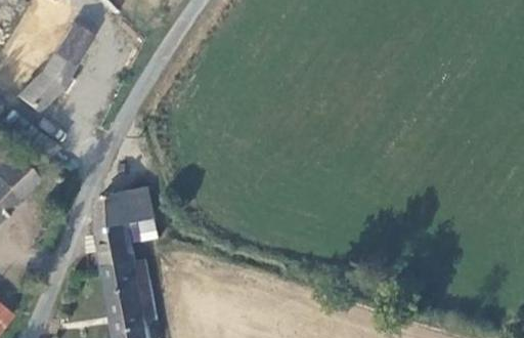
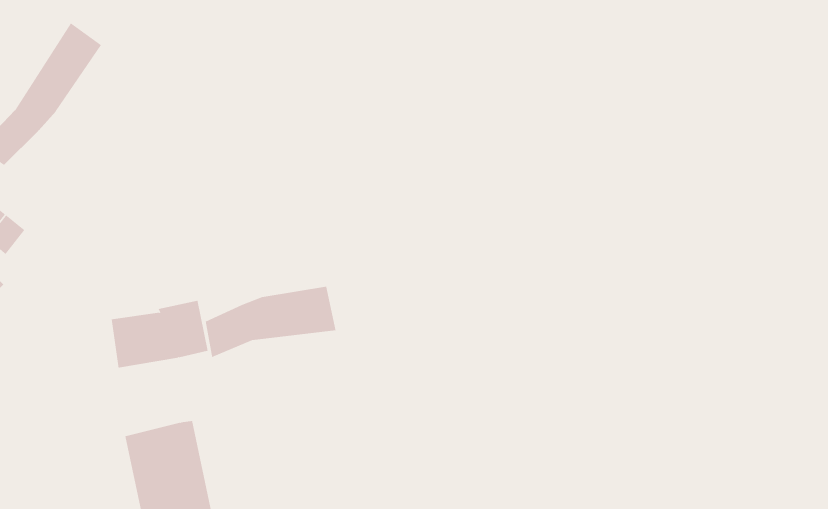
building: none -> [205,286,336,358]
building: [94,223,138,269] -> none

